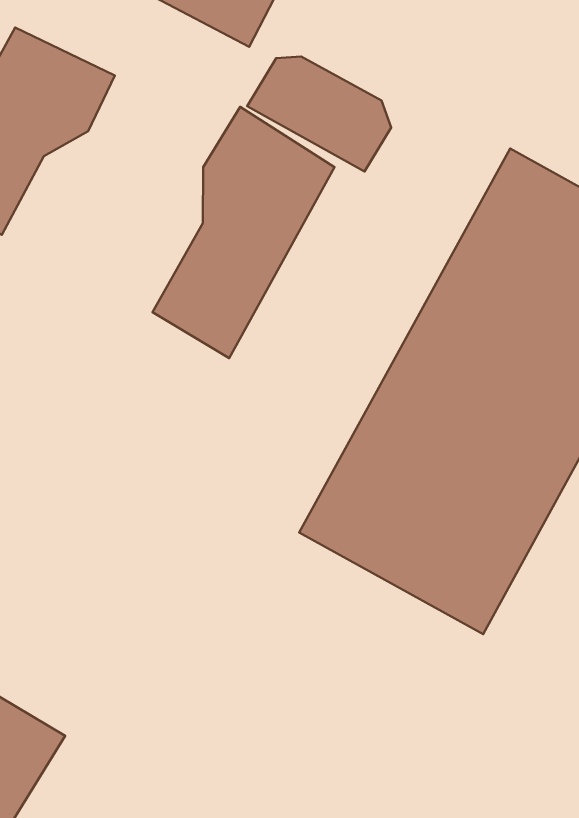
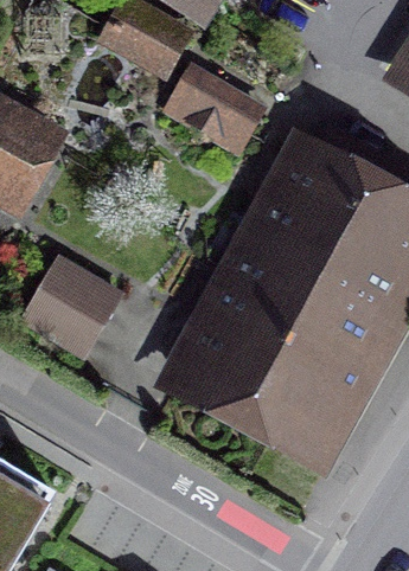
building: [152,107,335,358] -> none
building: none -> [23,265,117,359]

